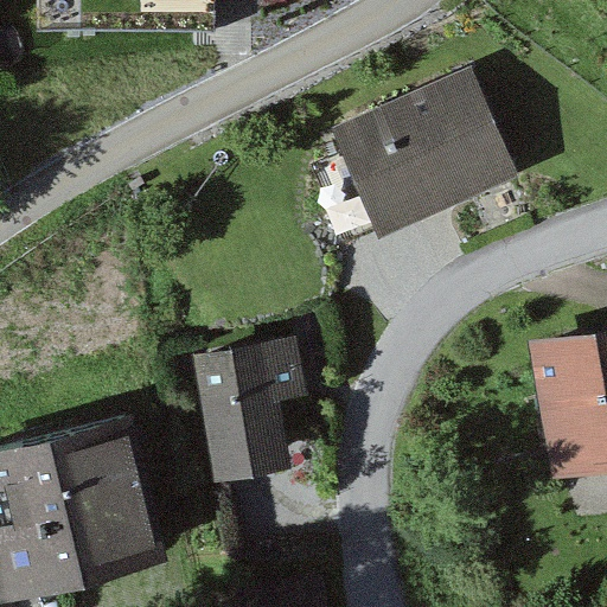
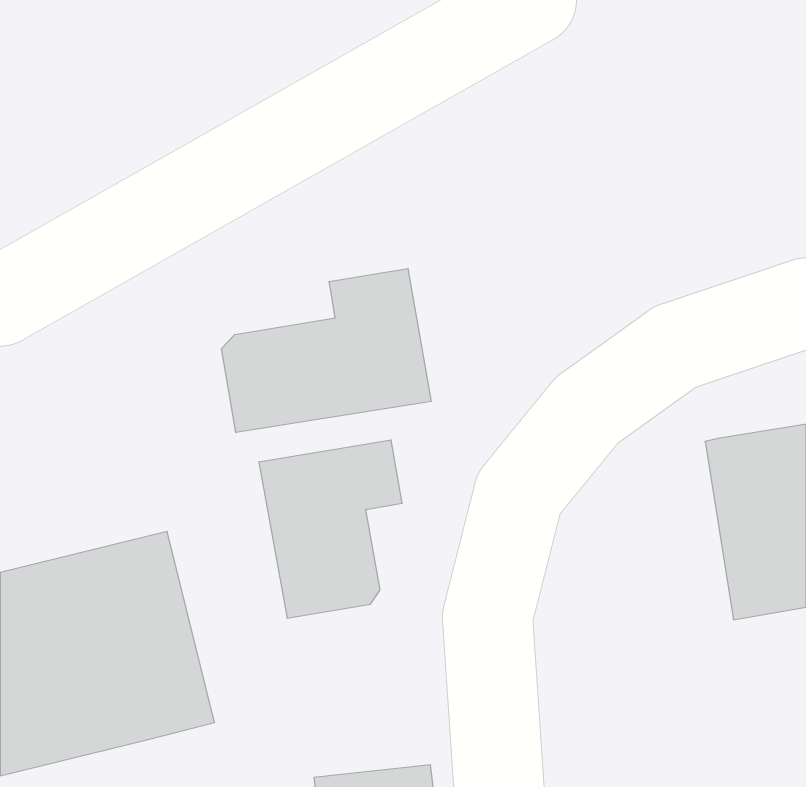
building: [306,76,513,253] -> none
building: none -> [222,268,431,433]

